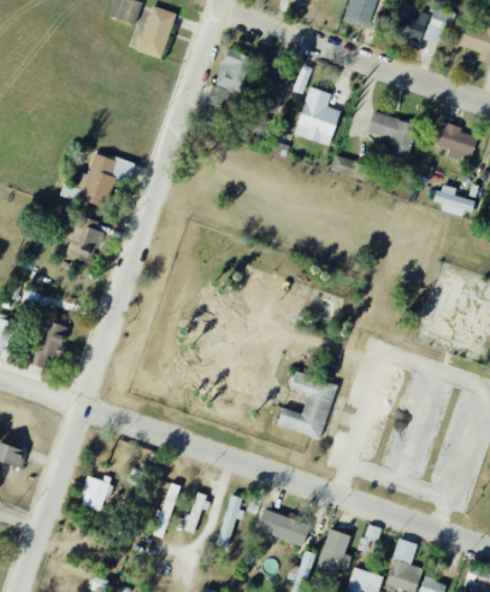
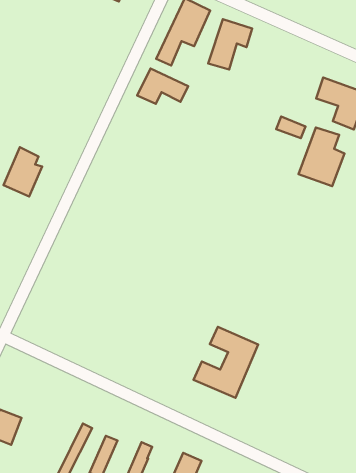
building: [295,88,338,145] -> [298,127,344,186]
building: none -> [137,68,188,104]
building: [75,152,134,206] -> none

